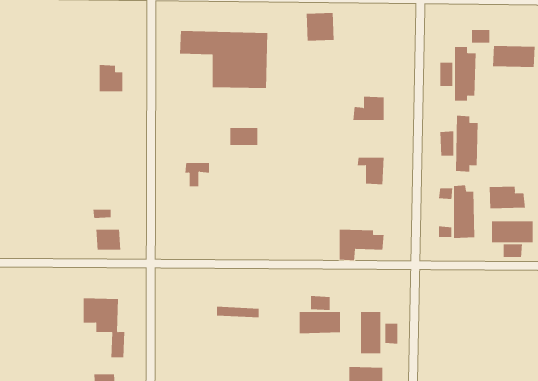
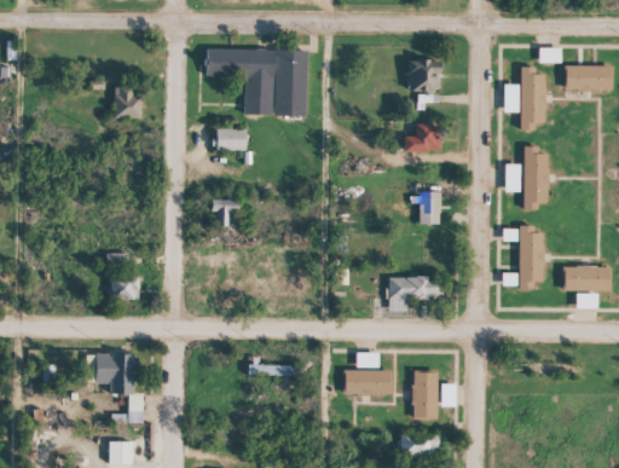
building: [306,13,334,41] -> [410,59,442,92]
building: [230,127,258,145] -> [215,129,248,150]
building: [489,186,525,209] -> none

